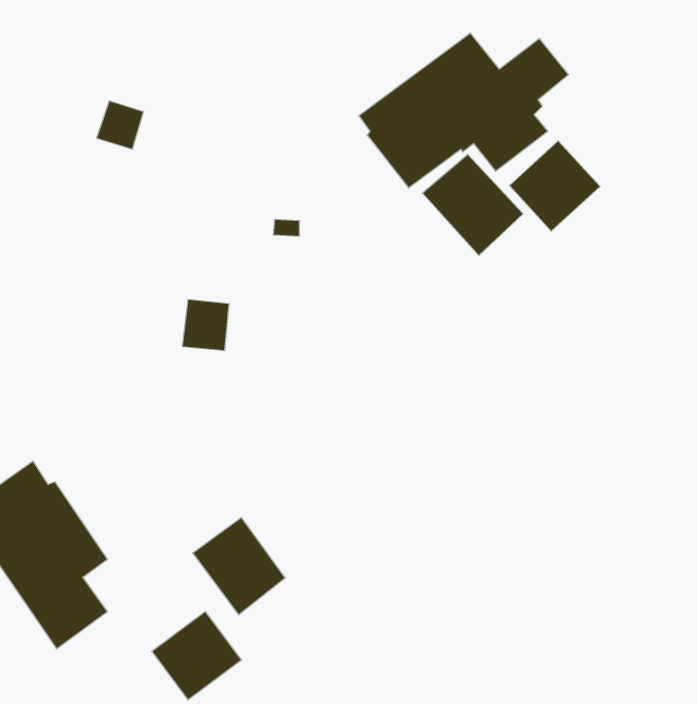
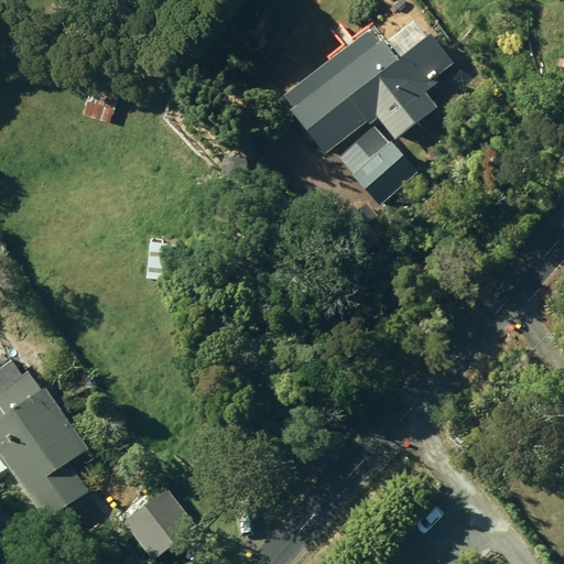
building: [509,141,600,231] -> none
building: [193,518,285,615] -> none

